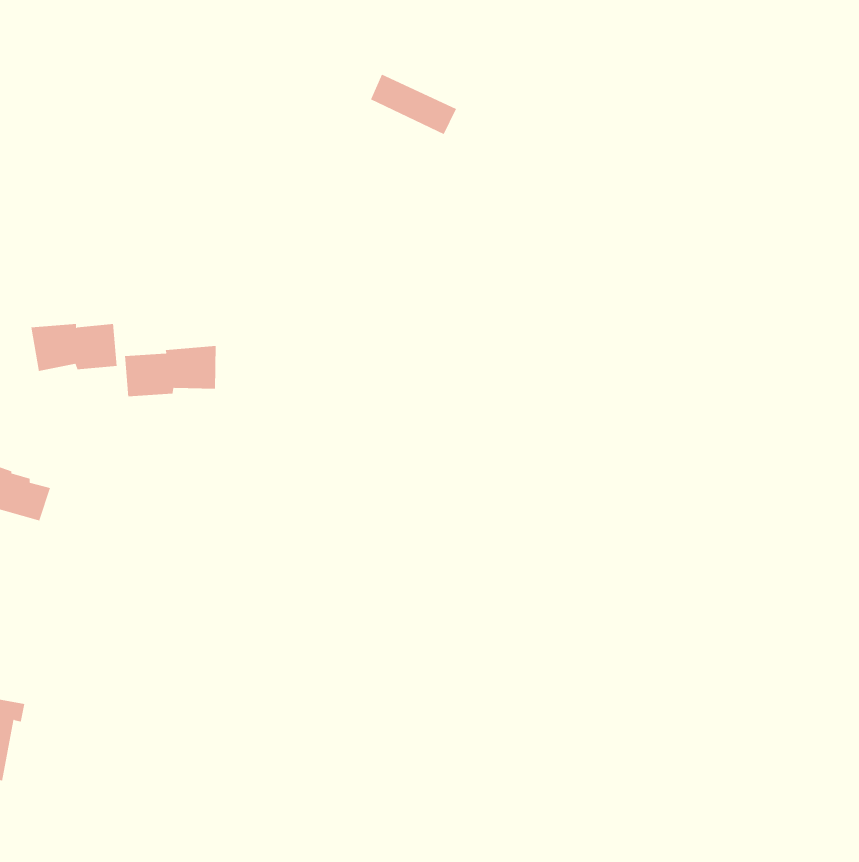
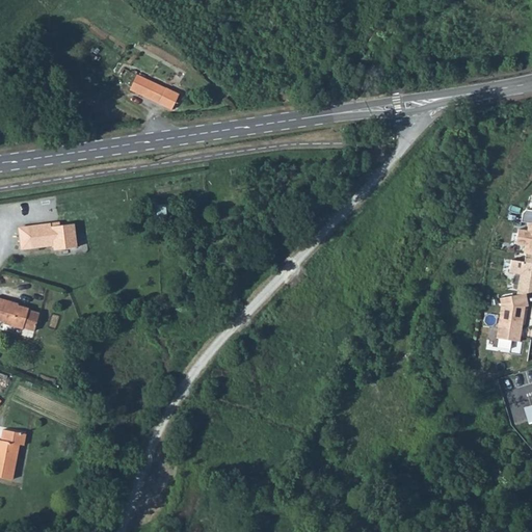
building: [370,74,457,135] -> [130,74,179,108]
building: [125,345,216,397] -> none

